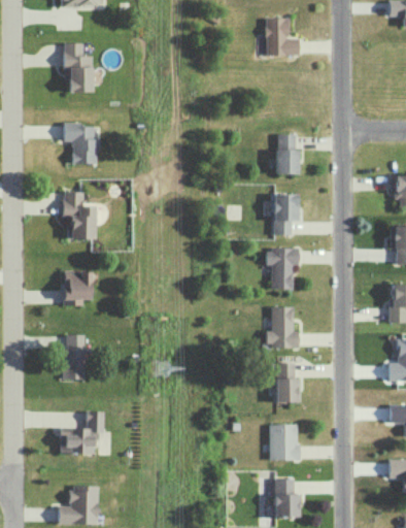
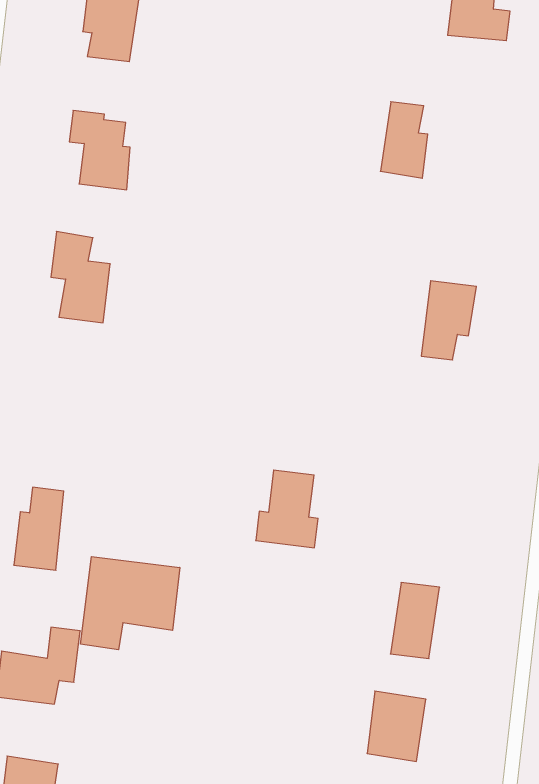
building: [276,134,300,174] -> [380,102,428,178]
building: [266,248,299,289] -> none
building: [63,271,91,305] -> none
building: [266,306,299,346] -> [256,470,318,548]
building: none -> [81,557,180,650]

